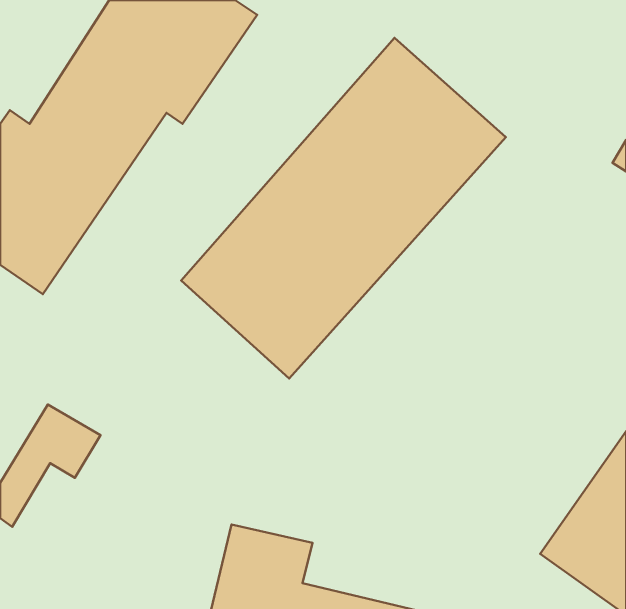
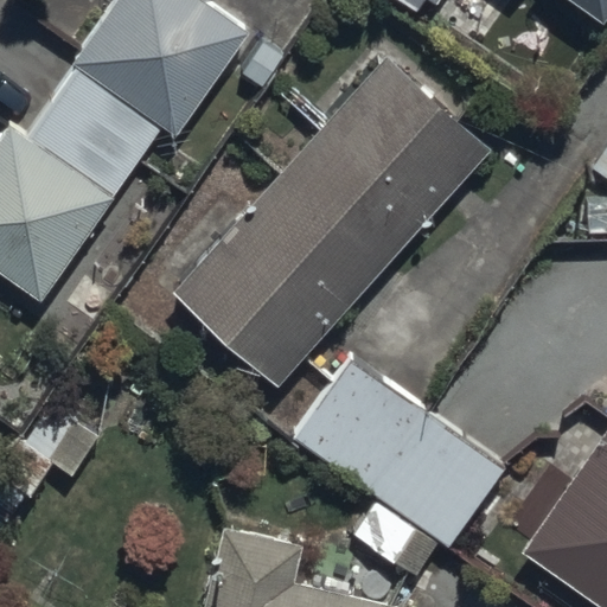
building: none -> [295,362,505,581]

